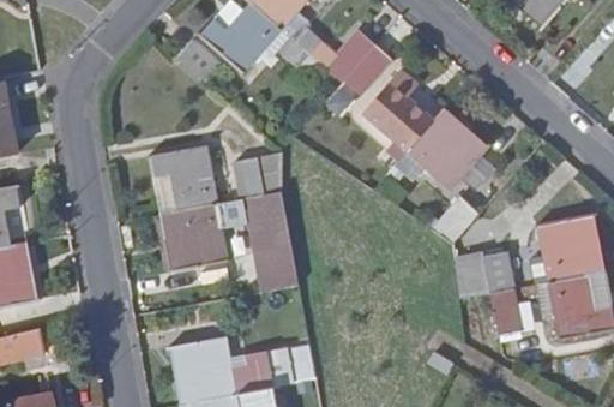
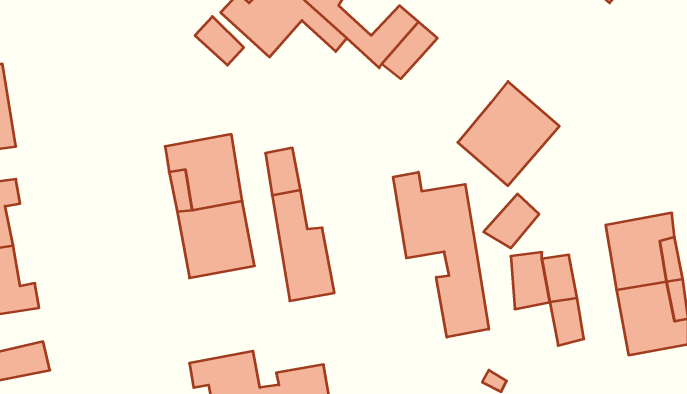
building: [363,68,438,151] -> none
building: none -> [393,172,489,337]

